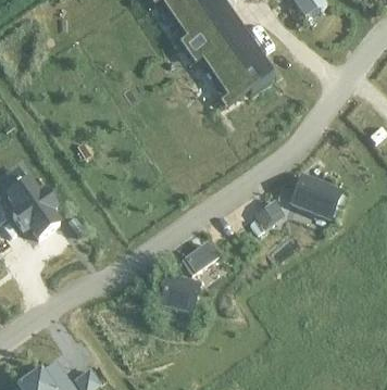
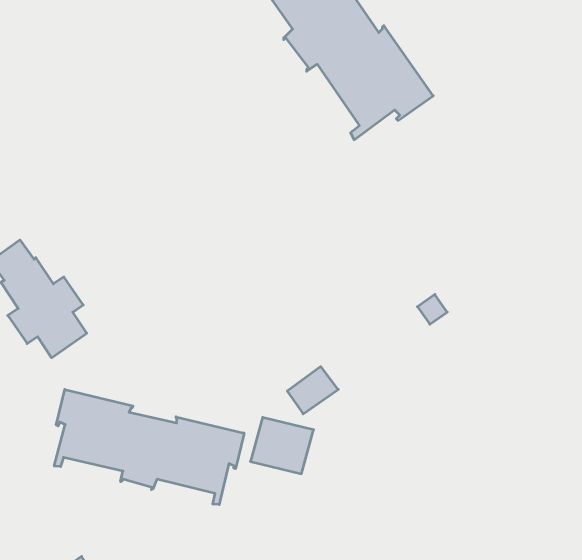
building: [290,175,341,218] -> none
building: none -> [54,389,244,505]

